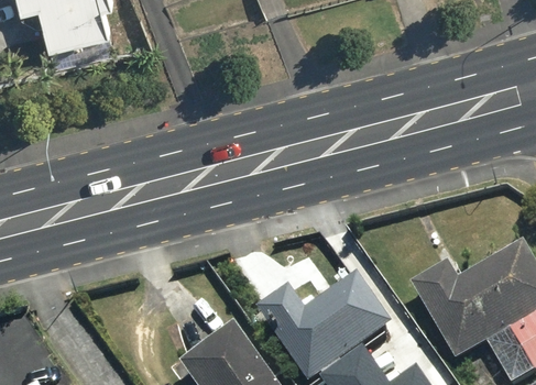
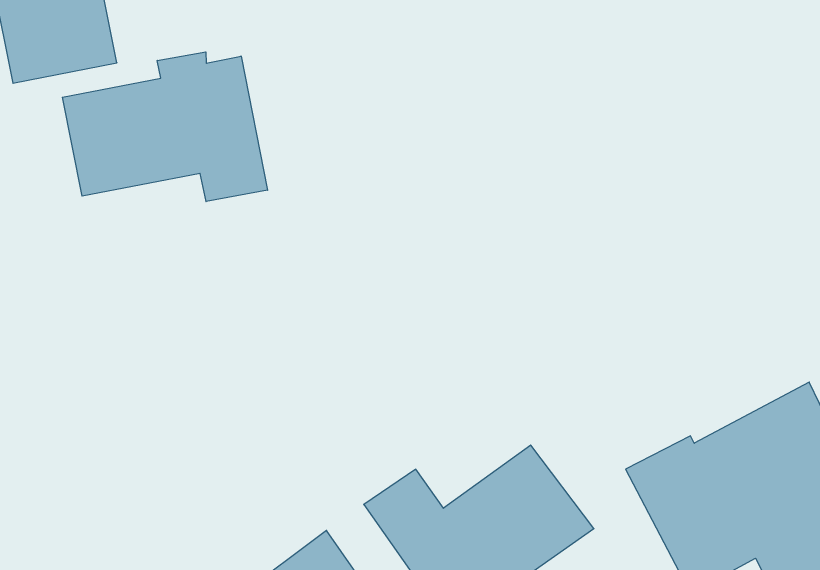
building: none -> [62,52,268,202]

